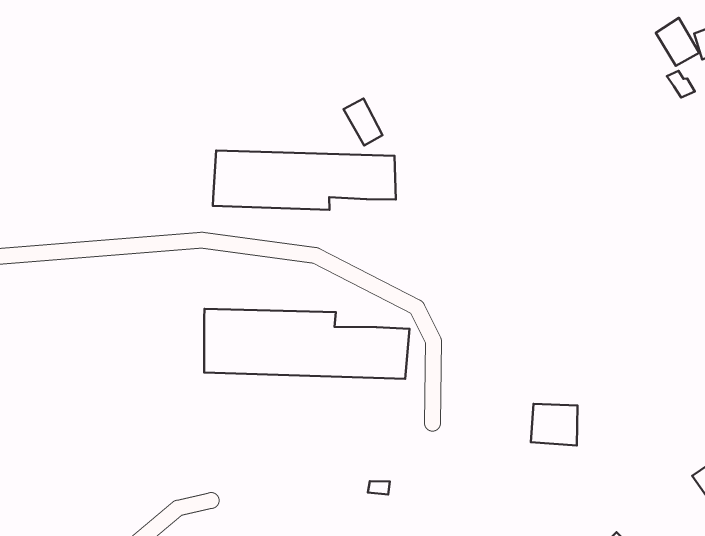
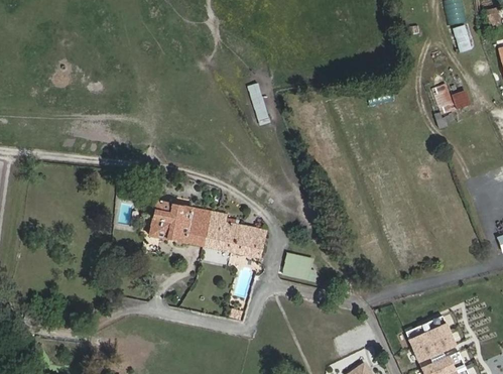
building: [213,150,396,210] -> none
building: [531,404,577,445] -> [281,253,310,280]

